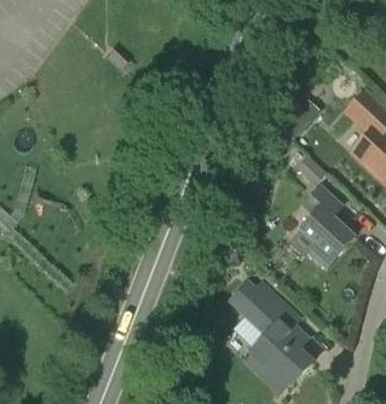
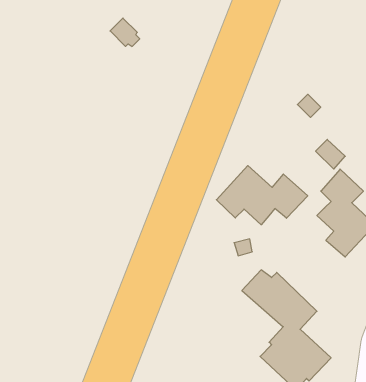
building: none -> [216,166,308,225]

